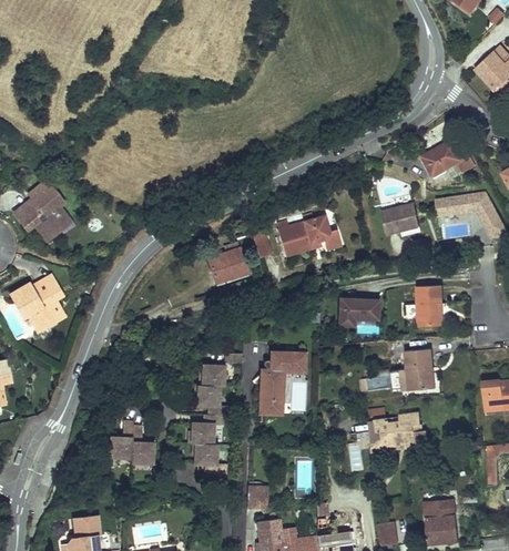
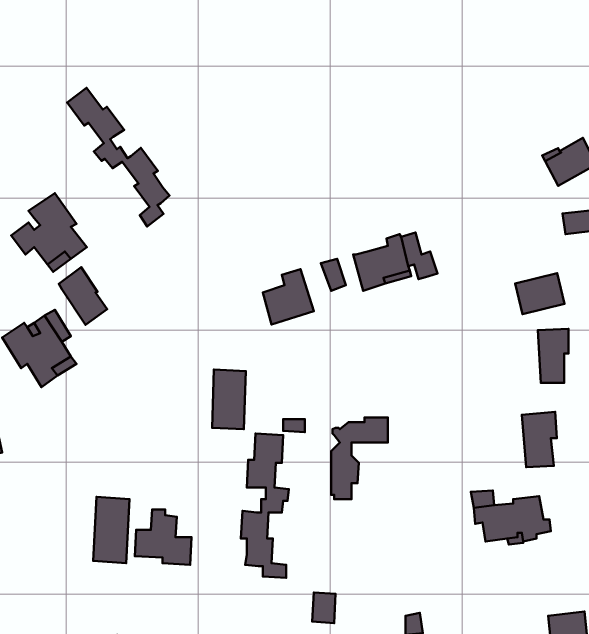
building: none -> [67,88,170,226]
building: [381,204,419,235] -> [515,273,565,314]
building: none -> [59,267,107,325]
building: [340,299,378,319] -> none
building: none -> [212,370,246,429]
building: none -> [93,497,130,563]

